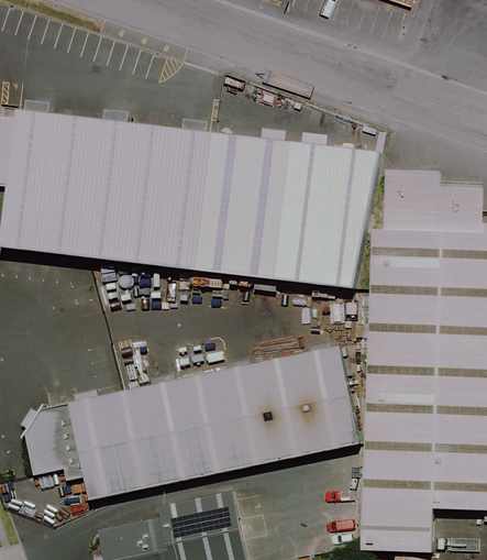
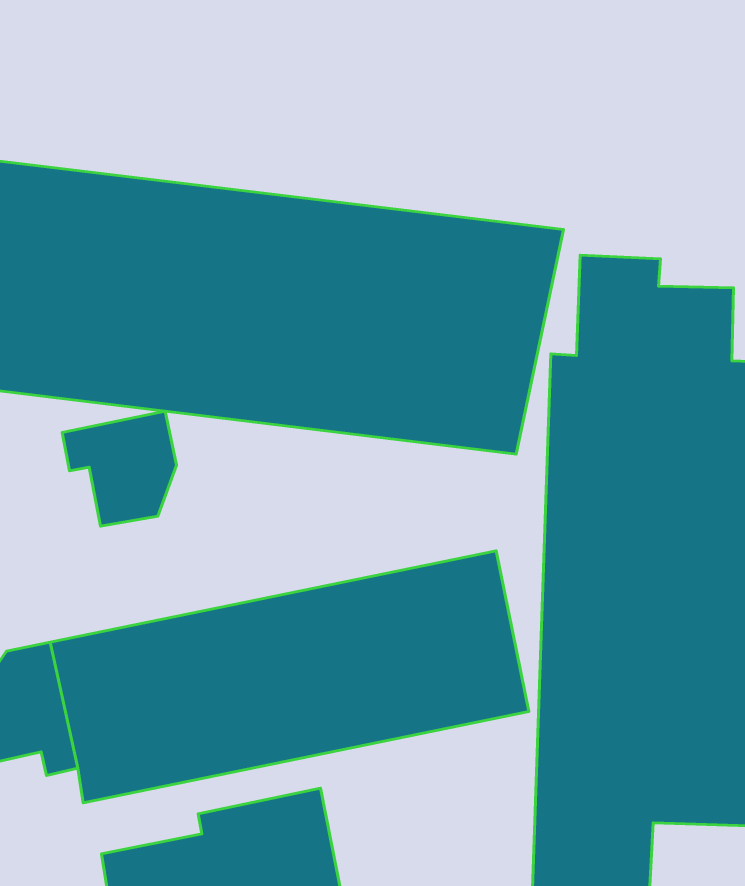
building: none -> [62,411,177,526]

